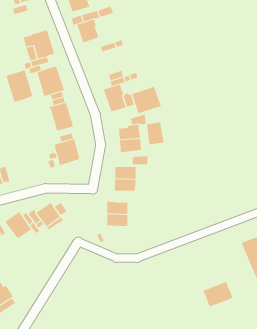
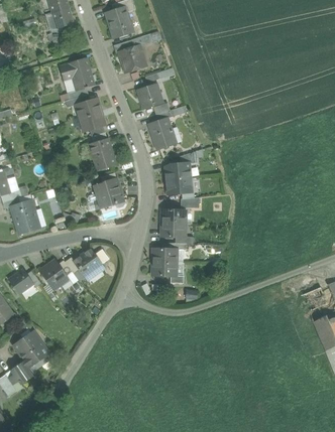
building: none -> [137,84,162,109]
building: [6,69,33,103] -> none
building: [131,86,161,114] -> none
building: [146,121,164,145] -> none
building: [203,281,233,307] -> none

